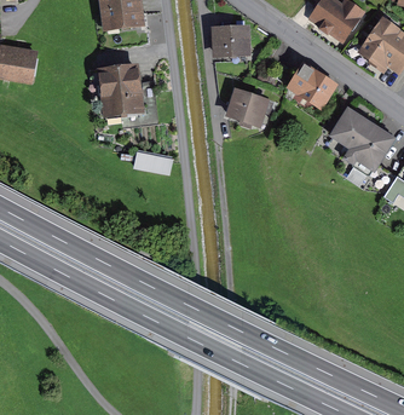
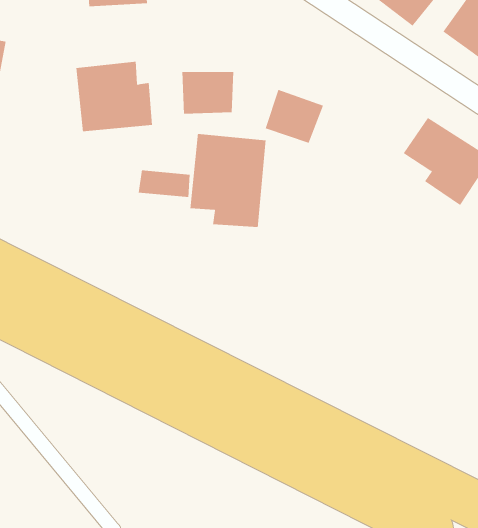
building: [213,27,252,58] -> [181,71,234,114]
building: [284,59,334,106] -> none
building: none -> [190,133,266,228]

